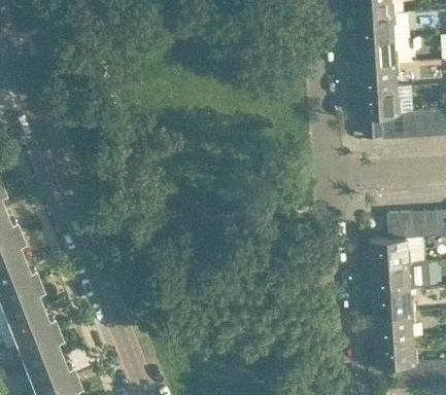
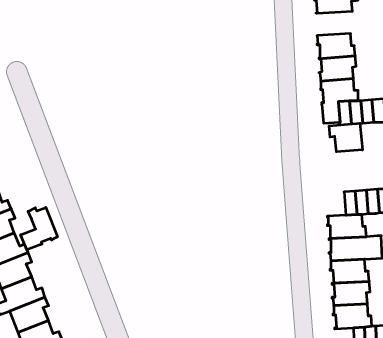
building: [356,13,398,40] -> none
building: none -> [329,123,362,152]
building: none -> [21,207,57,250]

